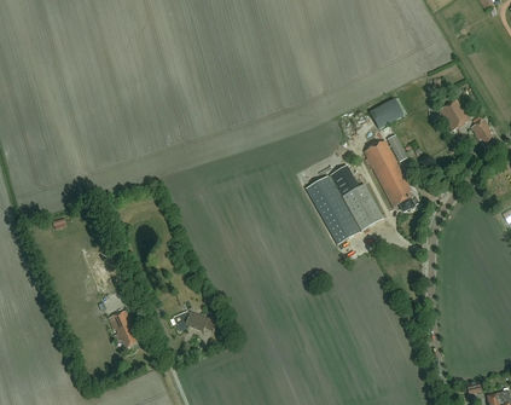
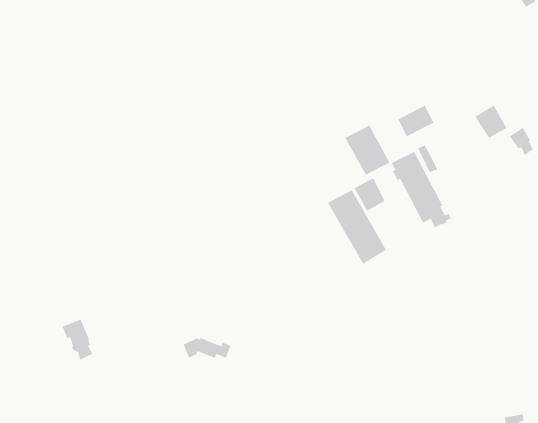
building: [341,184,383,231] -> [344,124,391,176]
building: [108,309,137,348] -> [61,318,93,361]

